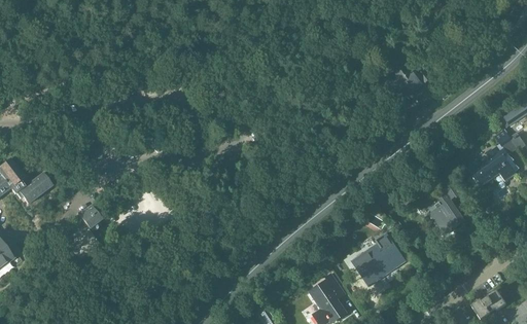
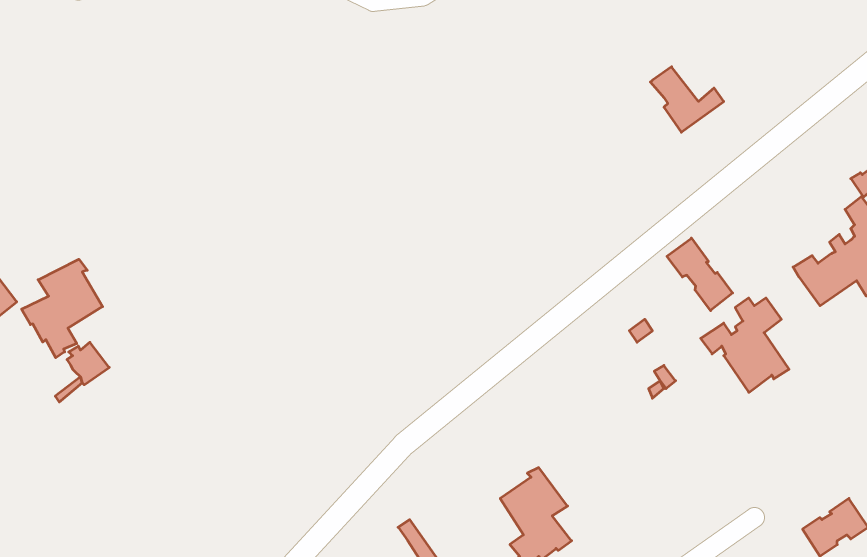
building: none -> [667,238,733,311]
building: none -> [22,259,103,358]
building: [351,232,406,286] -> none

